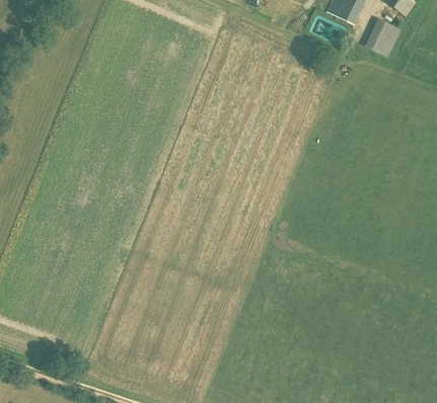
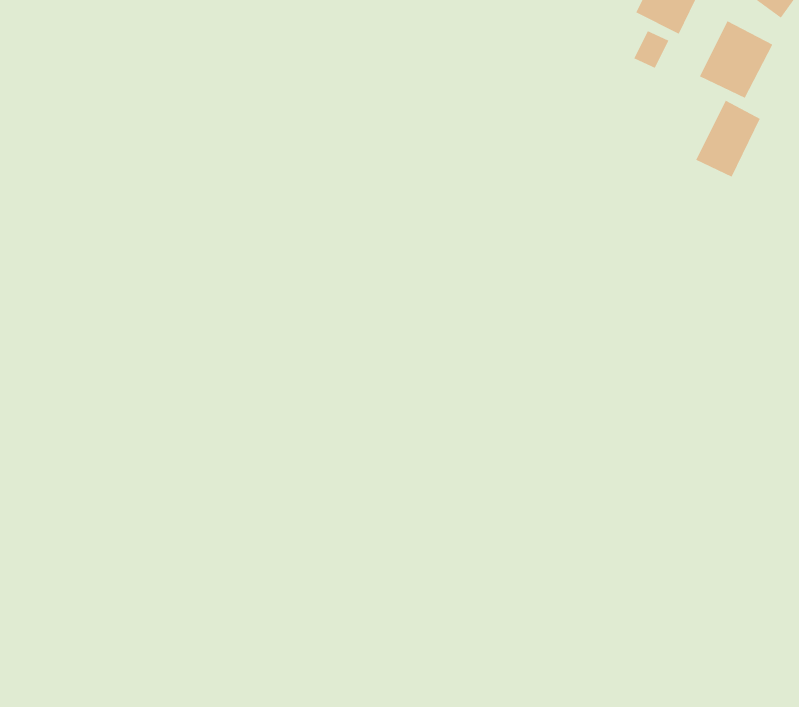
building: none -> [695,100,760,178]

